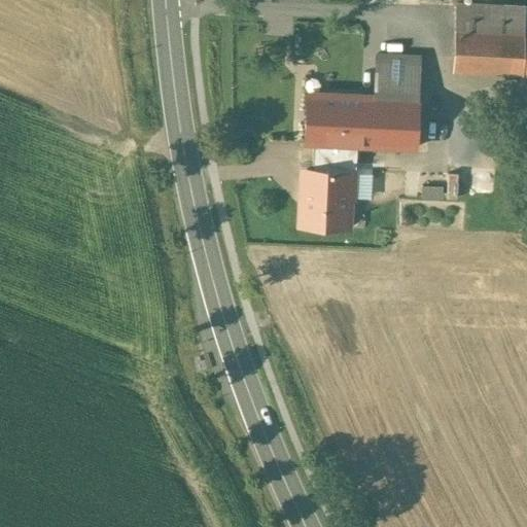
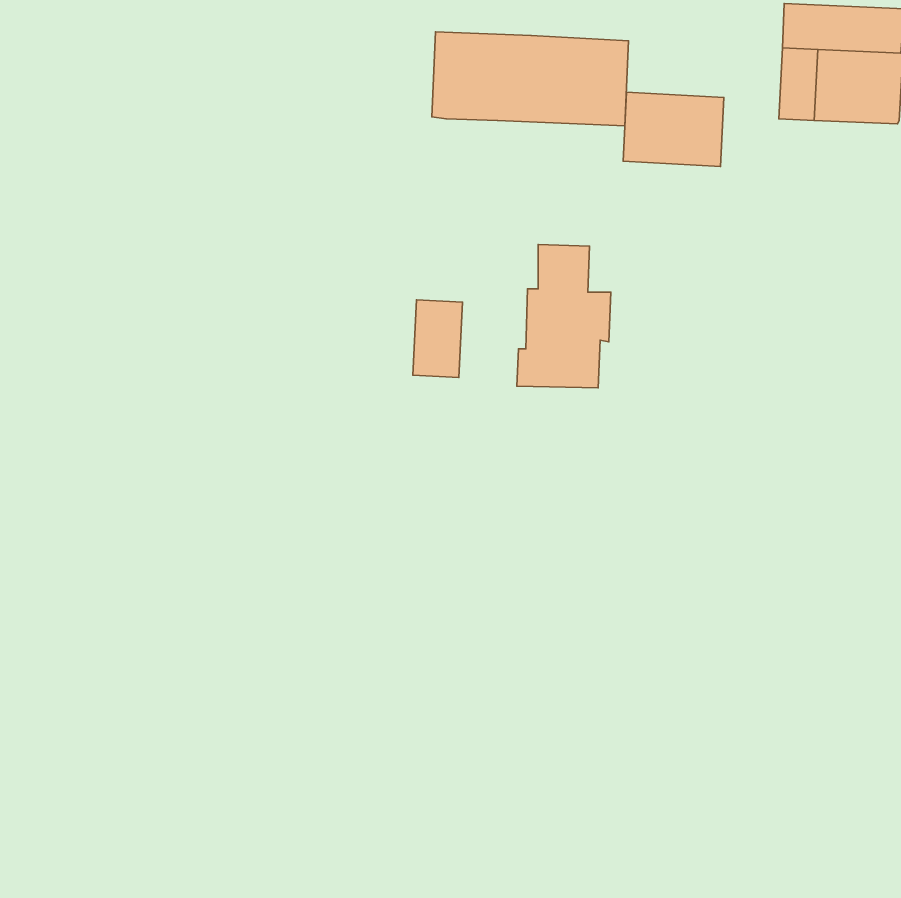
building: [307,96,421,150] -> [432,32,628,126]
building: none -> [413,300,463,377]

